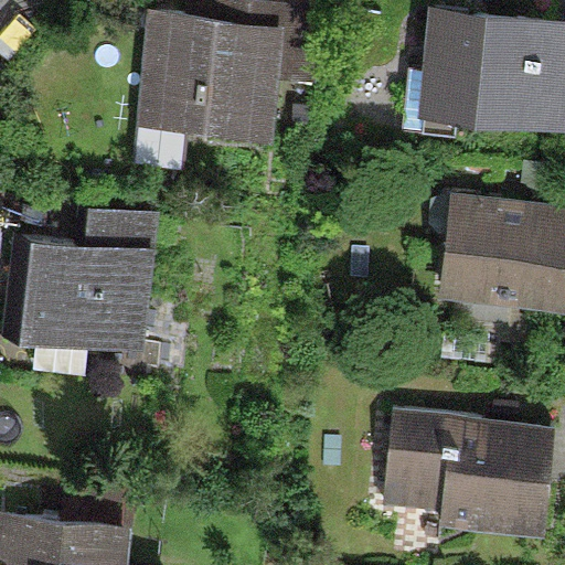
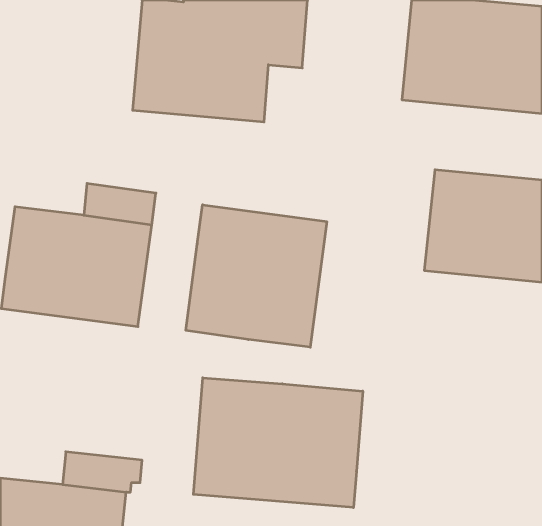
building: none -> [186,205,327,347]
building: none -> [193,378,363,508]
building: [385,413,555,534] -> none

